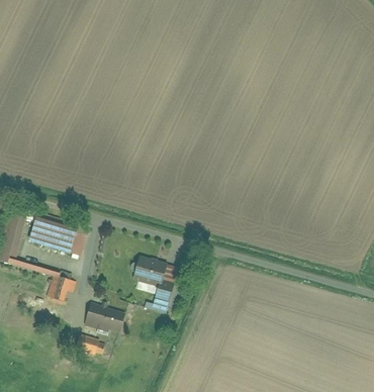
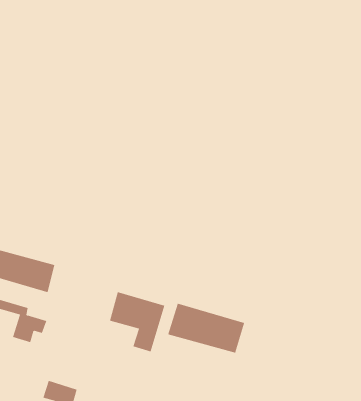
building: none -> [167,303,245,353]
building: [85,301,126,332] -> none

